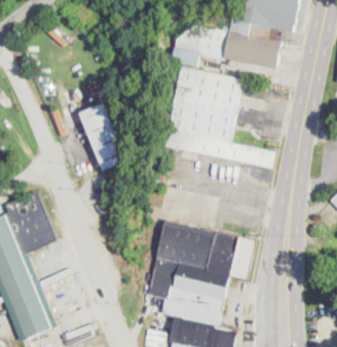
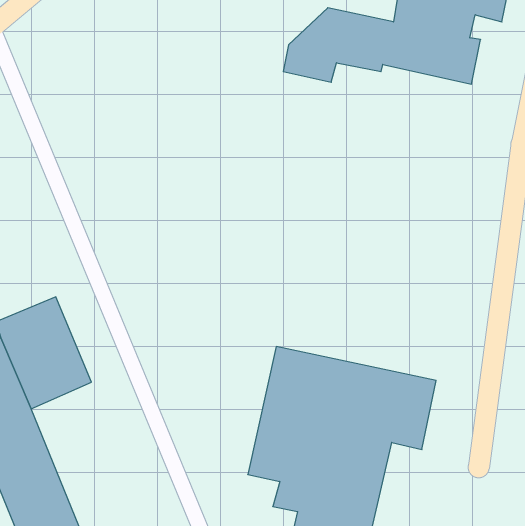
building: [163,66,274,168] -> none
building: [79,103,126,170] -> none

